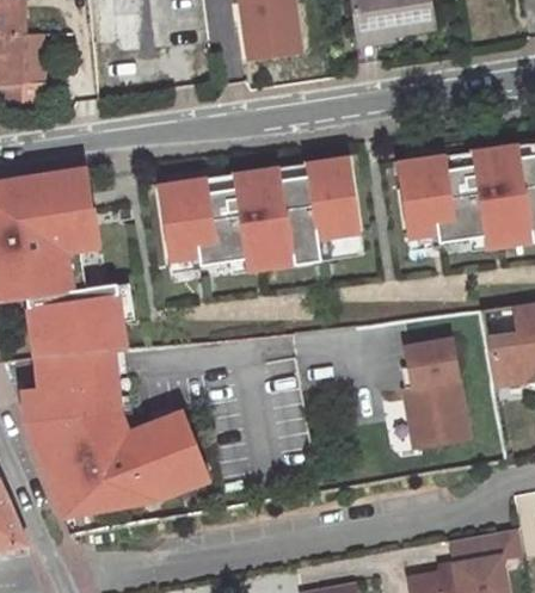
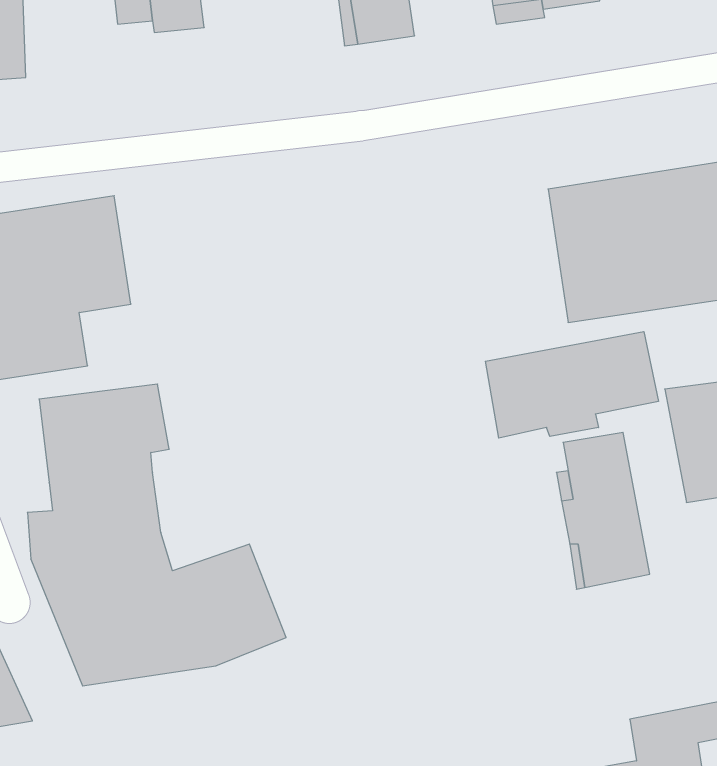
building: [159,155,367,282] -> none
building: none -> [485,332,658,438]

